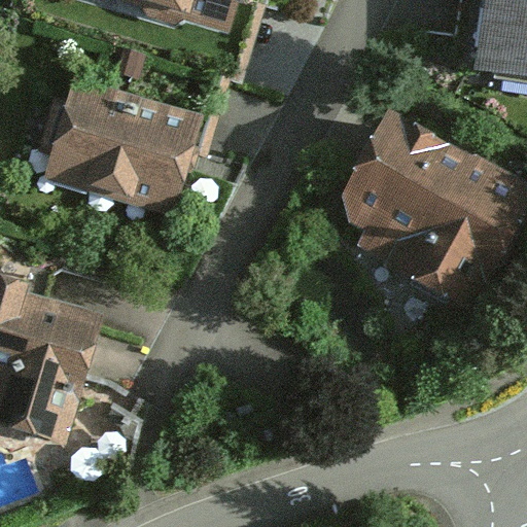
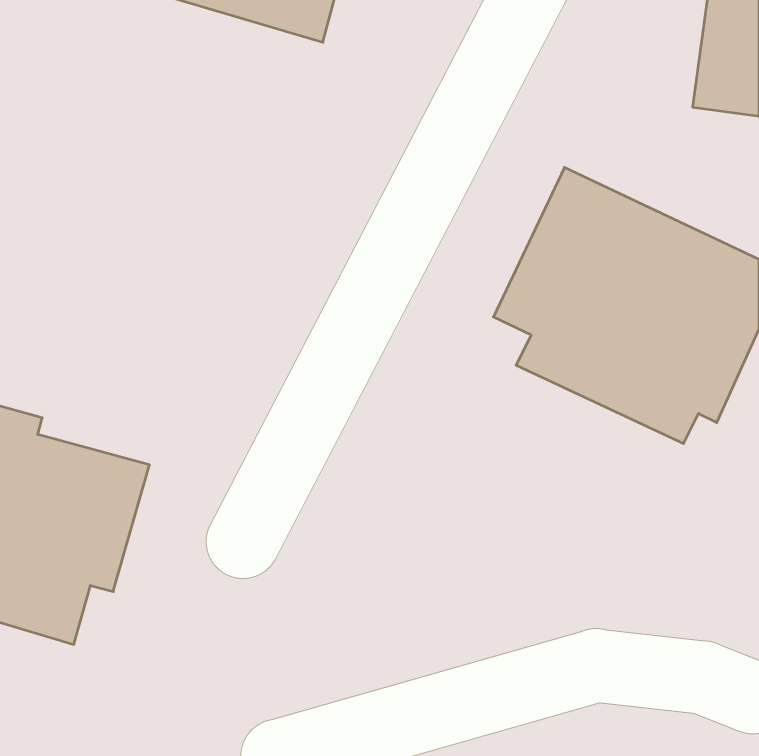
building: [49,86,190,209] -> none

